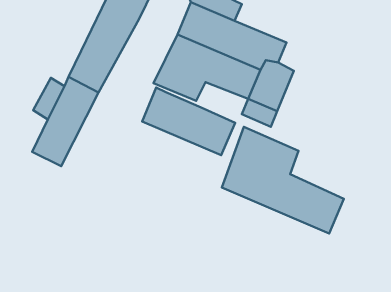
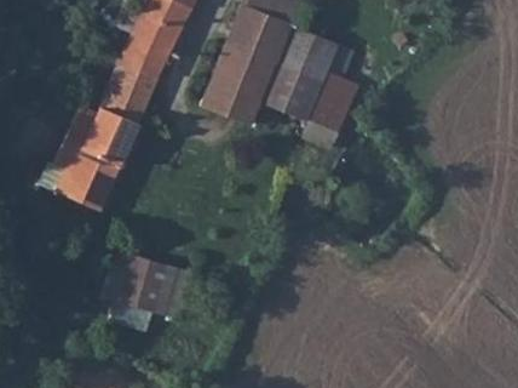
building: [142,88,235,155] -> none
building: [222,127,344,234] -> none
building: none -> [105,258,196,329]

